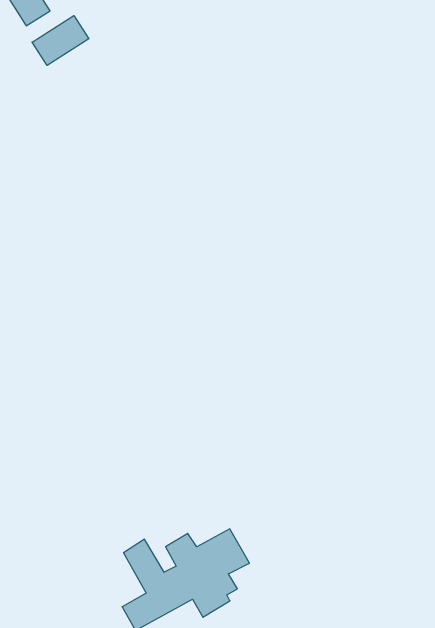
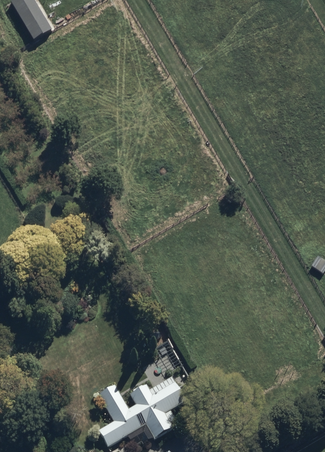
building: [32,16,89,65] -> none

